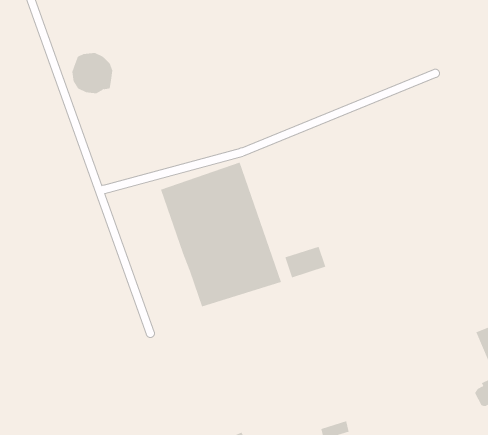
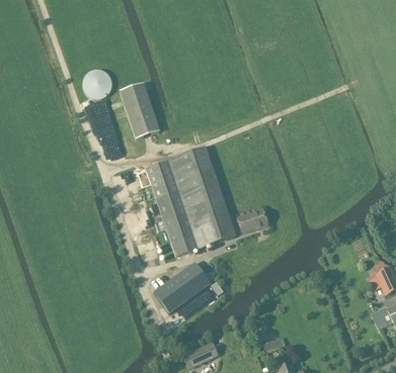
building: none -> [120,82,159,138]
building: none -> [148,262,209,311]

